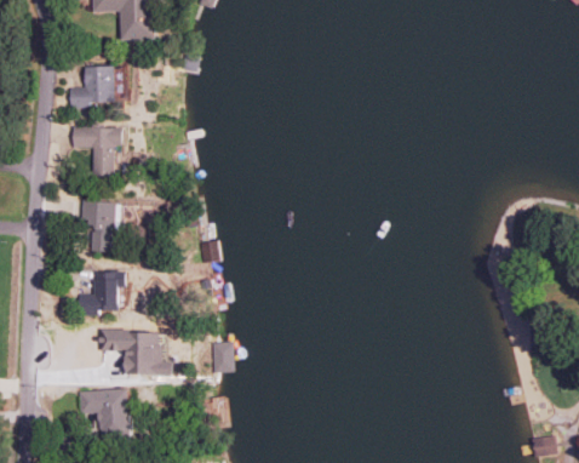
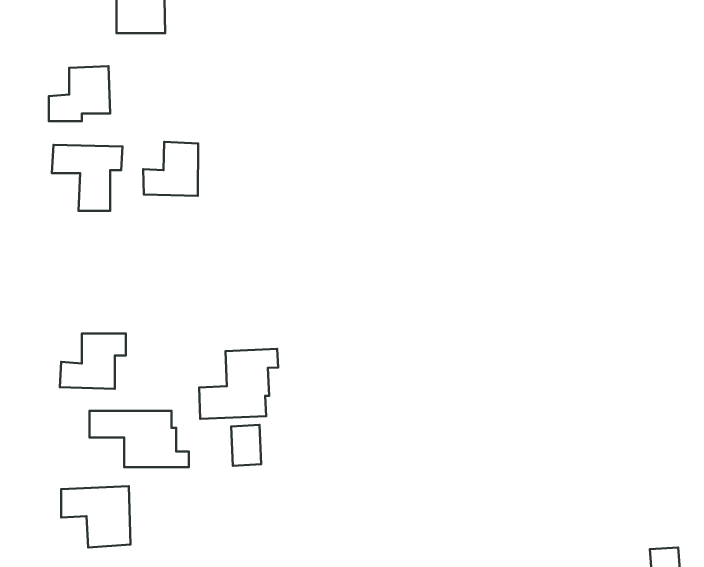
building: none -> [143,142,198,196]
building: [81,199,117,251] -> none
building: none -> [199,349,278,419]

